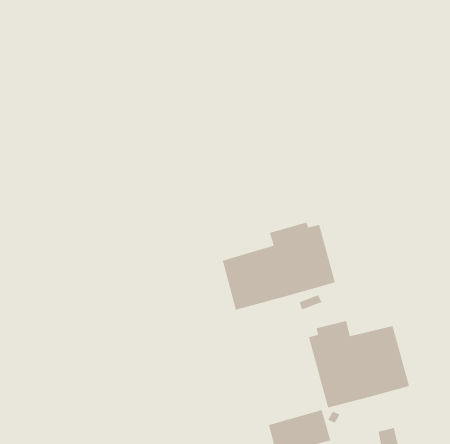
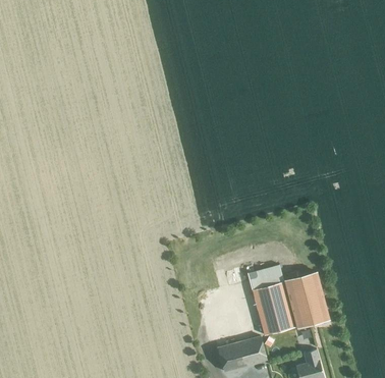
building: [222,222,335,310] -> none

